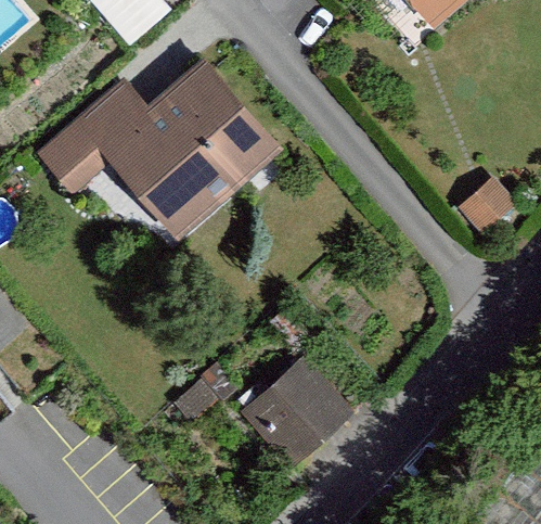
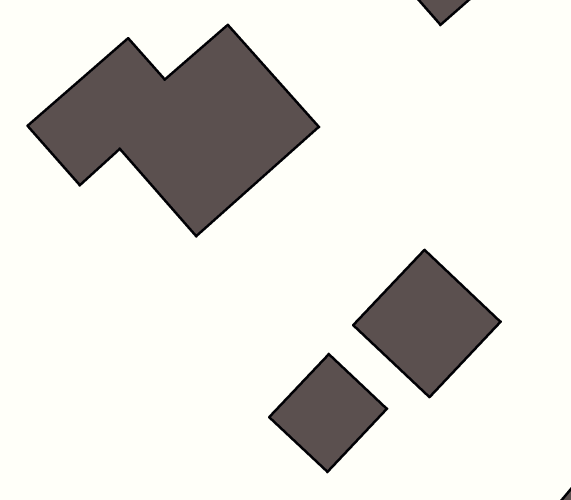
building: none -> [353,250,501,397]

